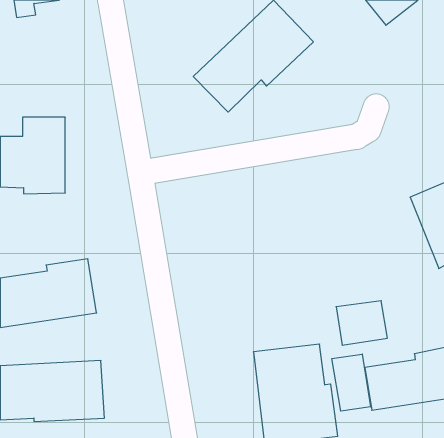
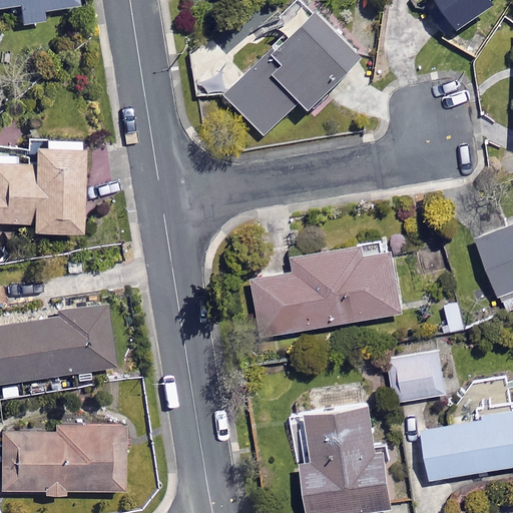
building: none -> [251,240,401,339]
building: [332,354,370,411] -> none

